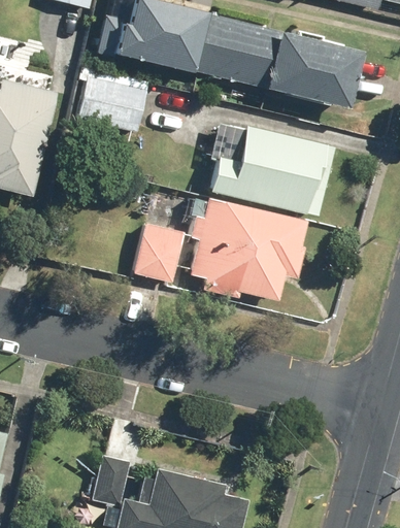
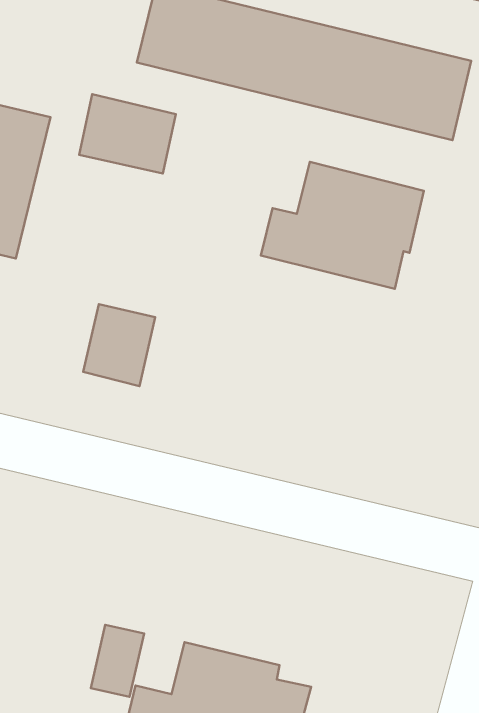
building: [190,198,307,301] -> none
building: [135,224,187,283] -> [83,304,155,386]

